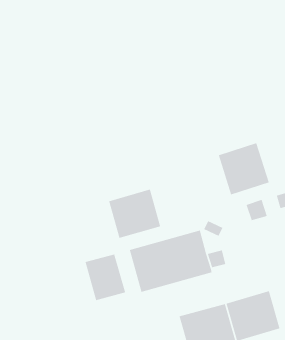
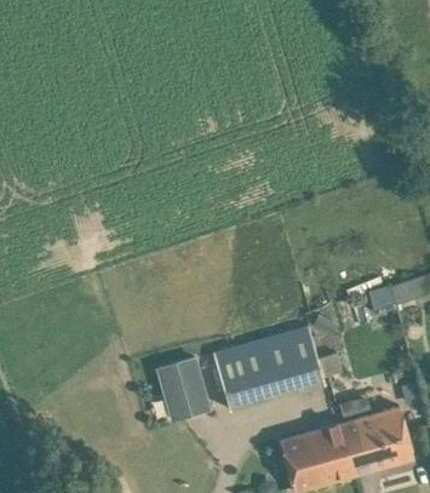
building: [218,142,270,195] -> none
building: [108,189,161,239] -> none

